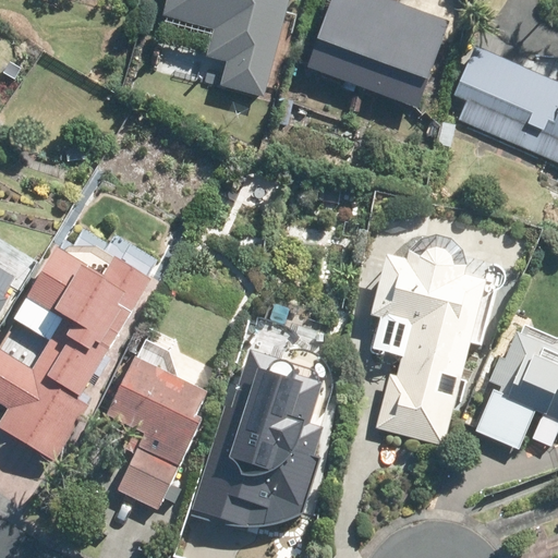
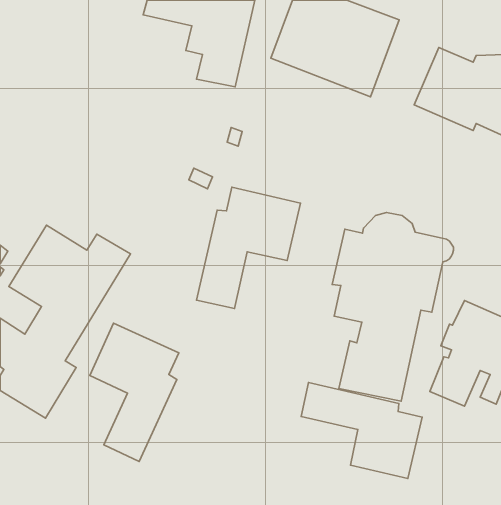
building: none -> [197,187,300,308]
building: [193,350,323,525] -> none
building: none -> [301,383,422,479]

